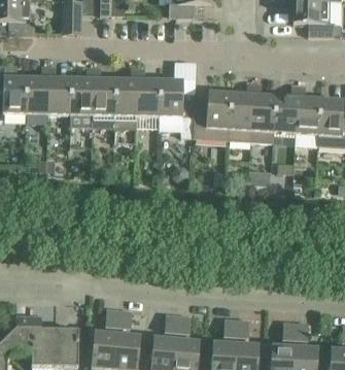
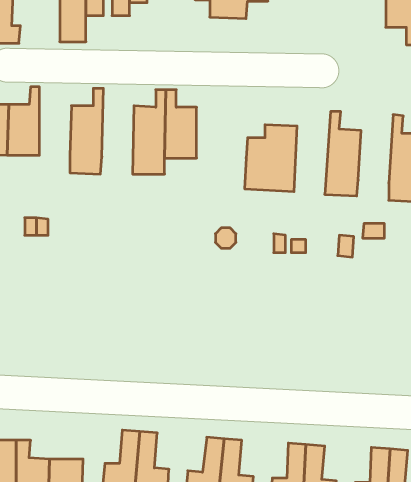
building: [48,65,71,113] -> none
building: [92,66,115,127] -> none
building: [159,79,196,137] -> none
building: [229,81,254,141] -> none
building: [274,85,299,133] -> none

